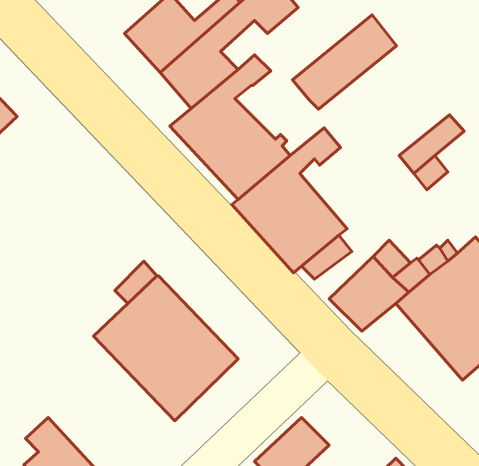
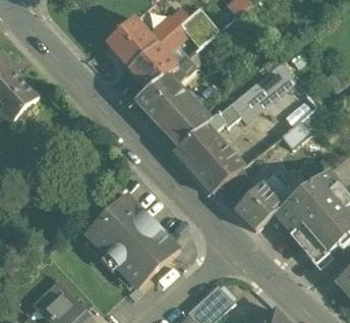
building: [293,15,397,109] -> [231,62,296,121]

